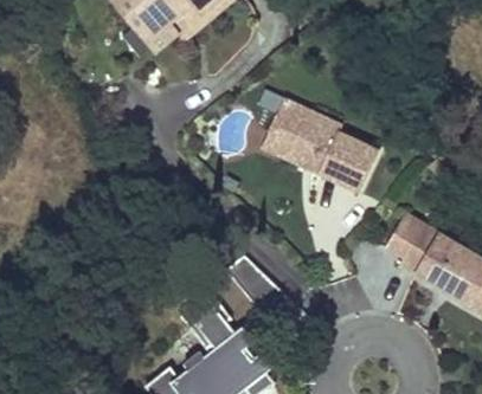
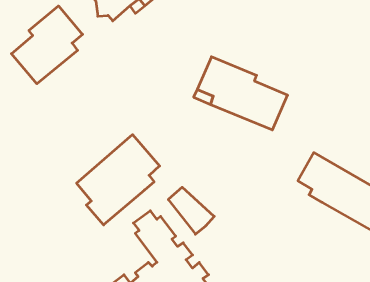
building: none -> [11,6,83,84]
building: none -> [77,135,160,225]

